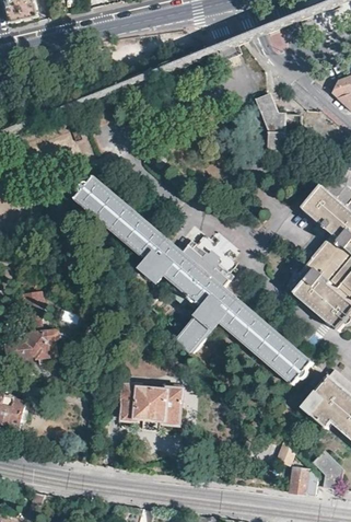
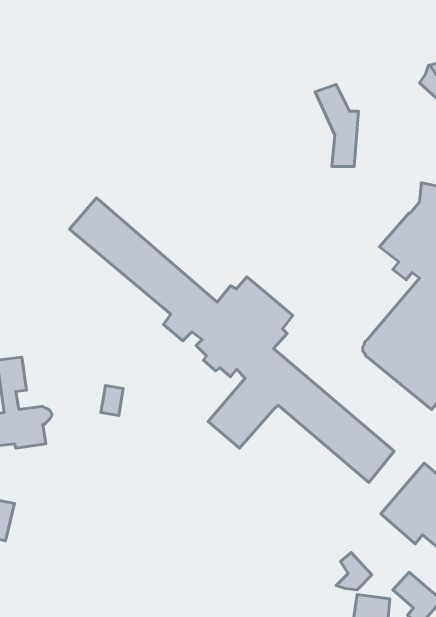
building: [120,382,183,429] -> none

